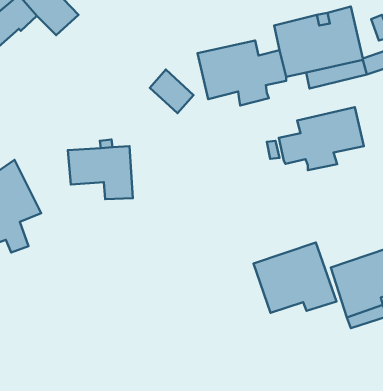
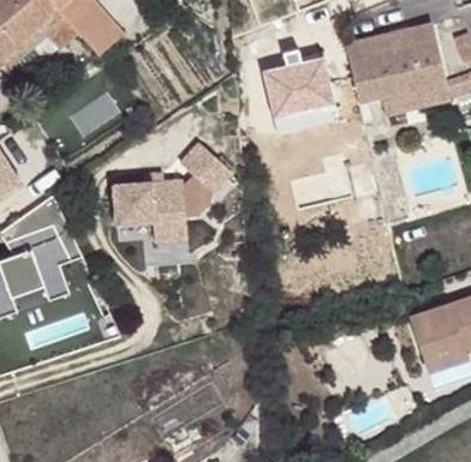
building: [150,70,194,113] -> [180,142,229,191]
building: [279,107,364,170] -> none
building: [254,242,336,313] -> none

